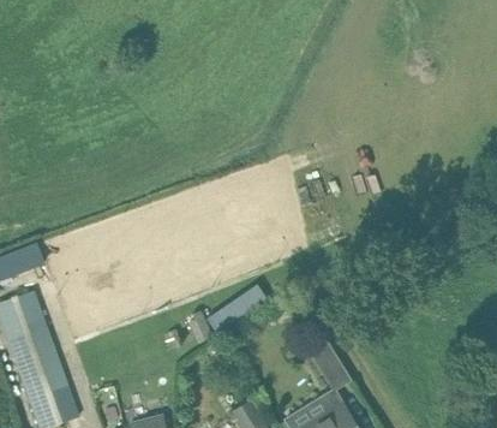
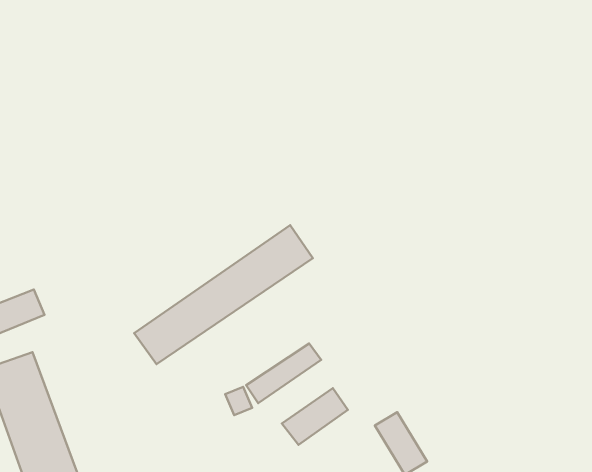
building: none -> [134,225,313,364]
building: none -> [282,388,348,445]

